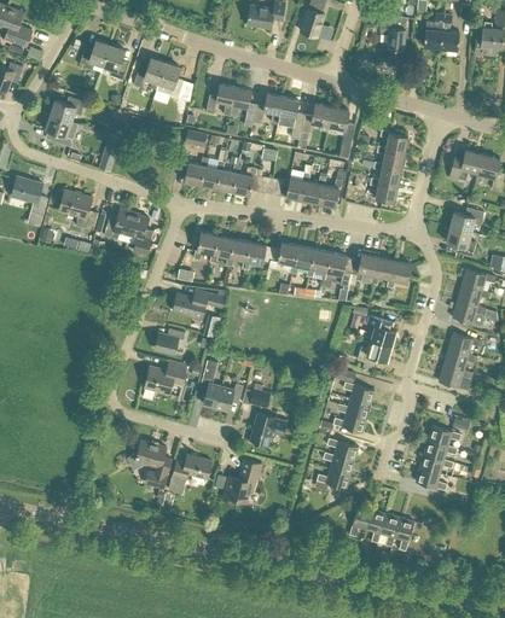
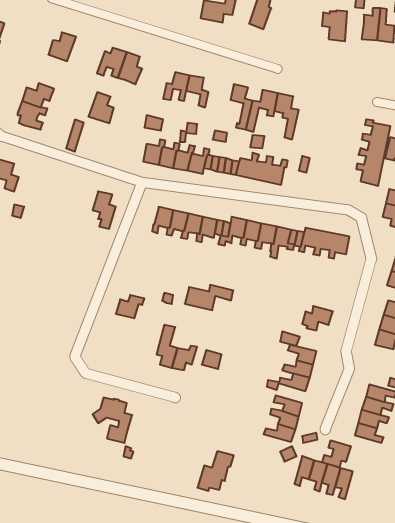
building: [101,45,129,78] -> [88,92,114,123]
building: [252,93,284,123] -> none
building: [371,129,408,202] -> [356,119,390,186]
building: [59,190,99,229] -> none
building: [105,209,135,239] -> none
building: [173,290,226,317] -> [185,285,233,310]
building: [365,314,396,345] -> none
building: [145,360,187,393] -> none
building: [250,412,286,444] -> none
building: [169,453,213,492] -> none
building: [224,459,263,502] -> [197,451,234,491]
building: none -> [322,440,351,467]

